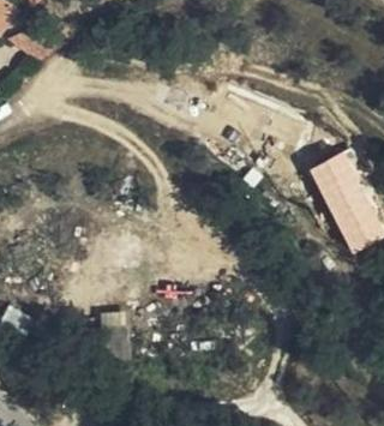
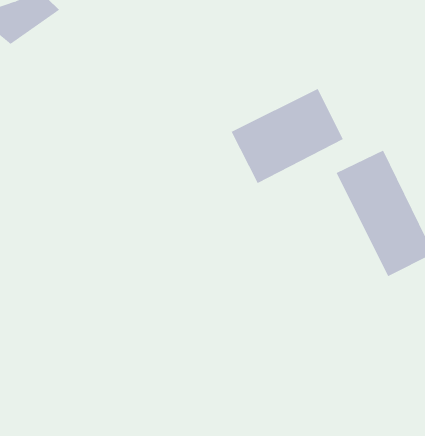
building: none -> [231,88,344,184]

